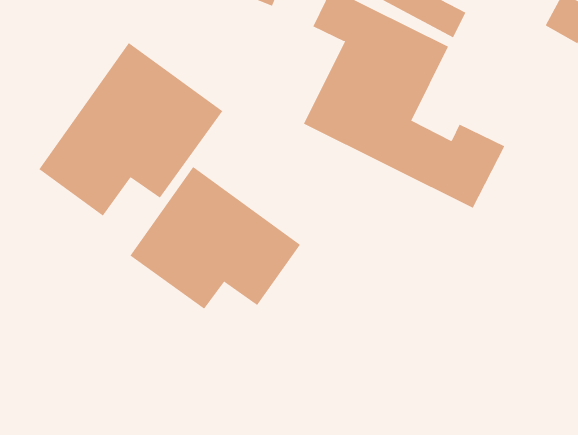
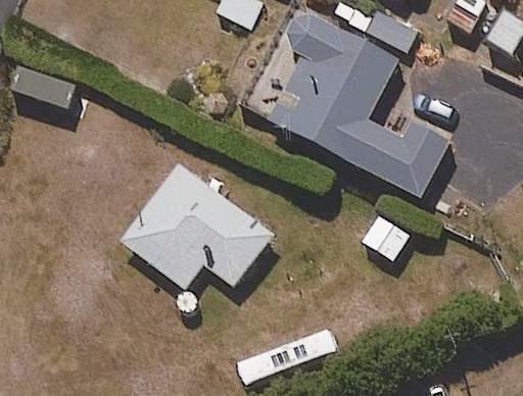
building: [39,42,223,216] -> none

